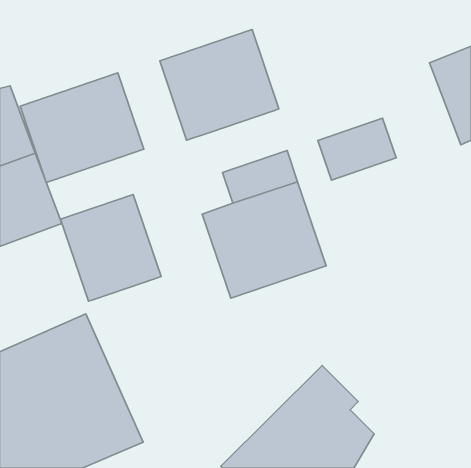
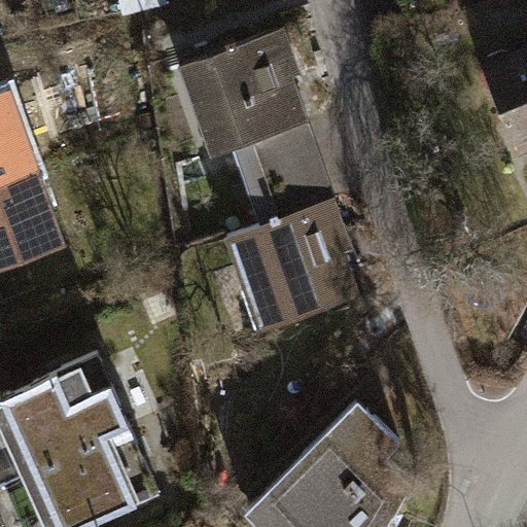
building: [20,73,144,182] -> none
building: [318,118,396,180] -> [233,124,320,192]
building: [60,194,161,301] -> none

